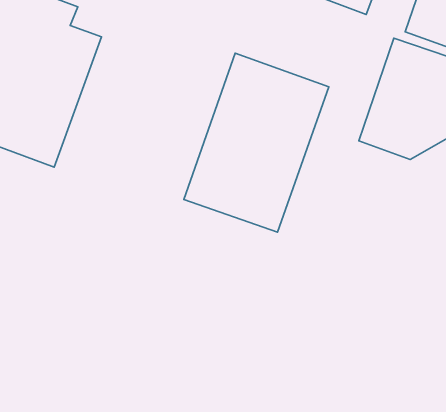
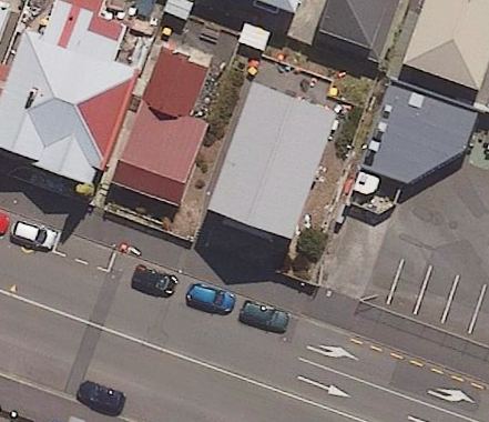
building: none -> [111,47,206,203]

